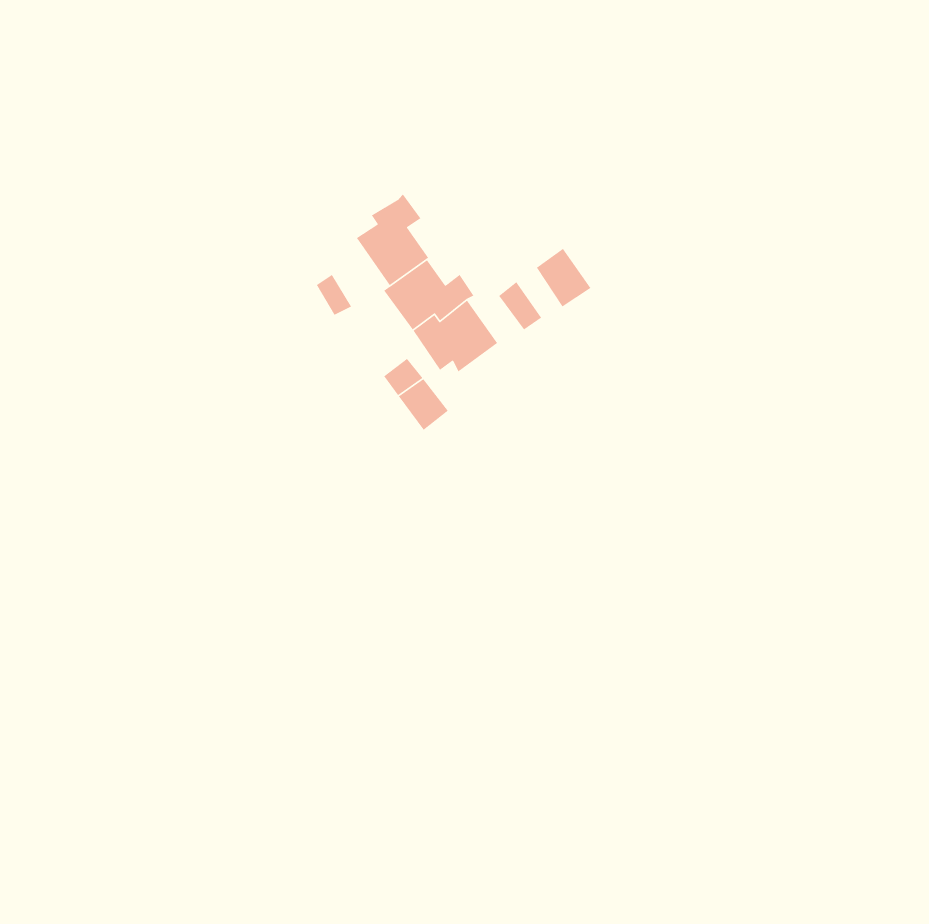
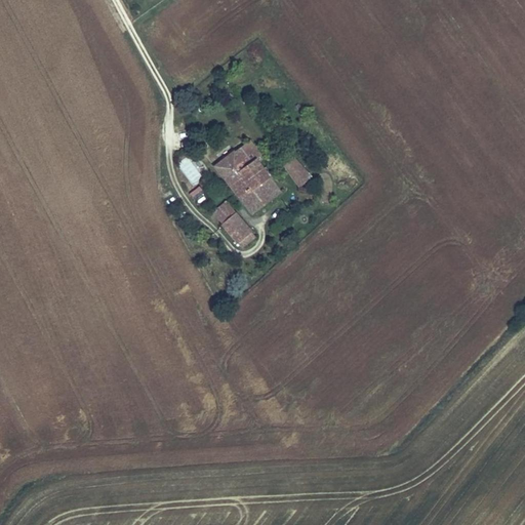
building: [356,193,429,286] -> none
building: [536,248,591,307] -> none

